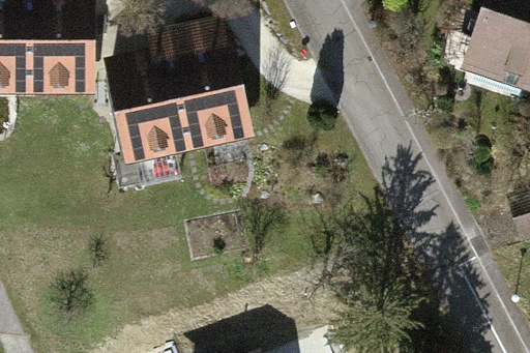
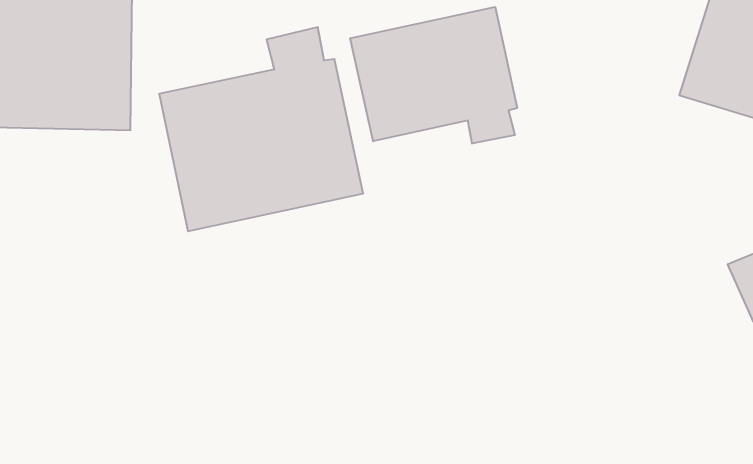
building: none -> [350,7,517,144]

